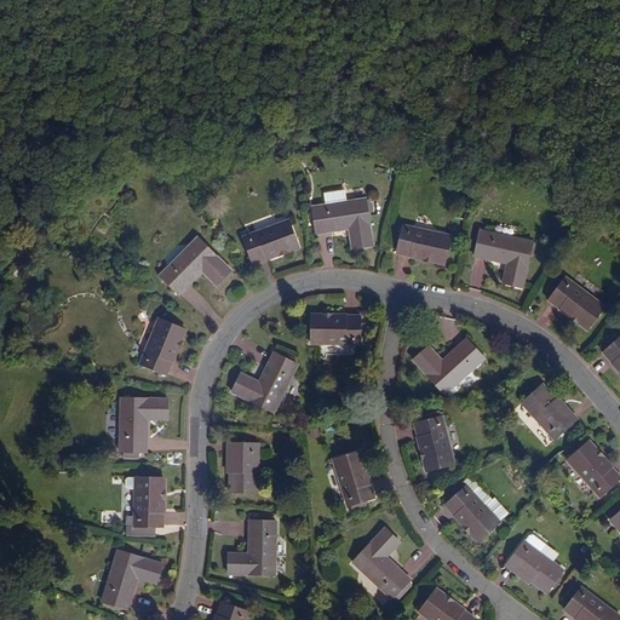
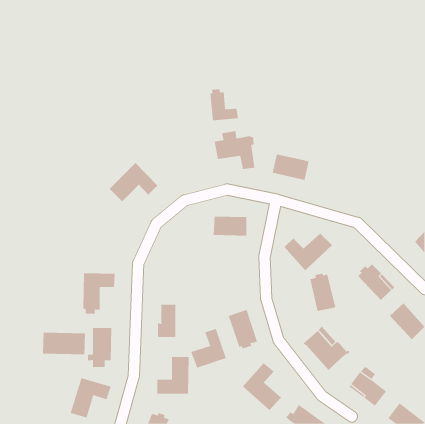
building: none -> [210,88,238,121]
building: [242,219,298,263] -> none
building: [475,229,535,287] -> none
building: [547,276,604,328] -> none
building: [139,318,184,374] -> none
building: [231,351,298,412] -> none
building: [415,414,454,470] -> [309,273,336,312]
building: none -> [191,328,227,368]
building: none -> [42,332,86,355]

